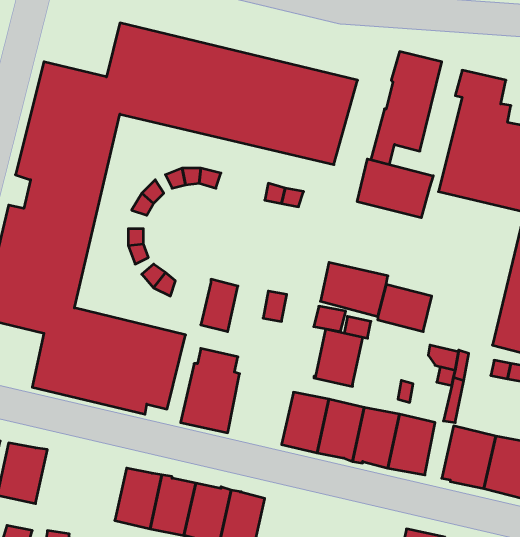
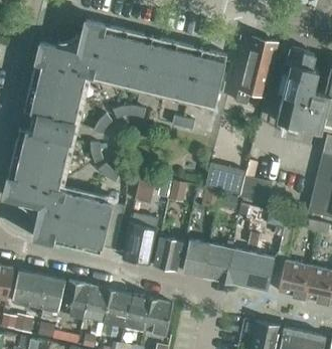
building: [357,159,433,218] -> none
building: [314,329,363,386] -> [153,236,182,271]
building: none -> [35,275,65,321]
building: none -> [62,281,90,317]

